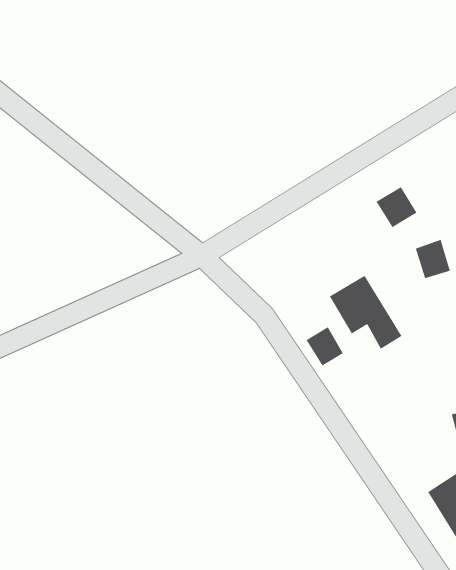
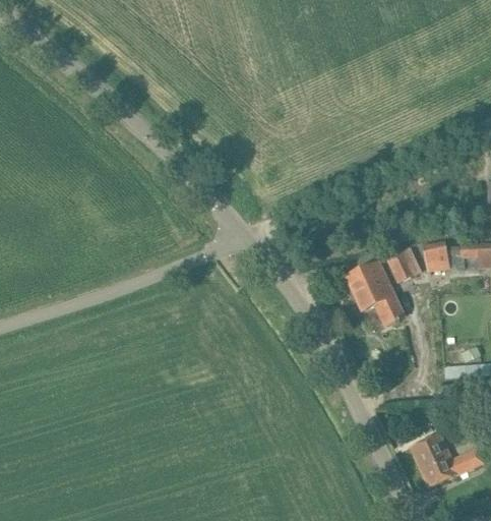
building: [376,186,418,228] -> [387,248,421,282]
building: [306,326,344,367] -> none

